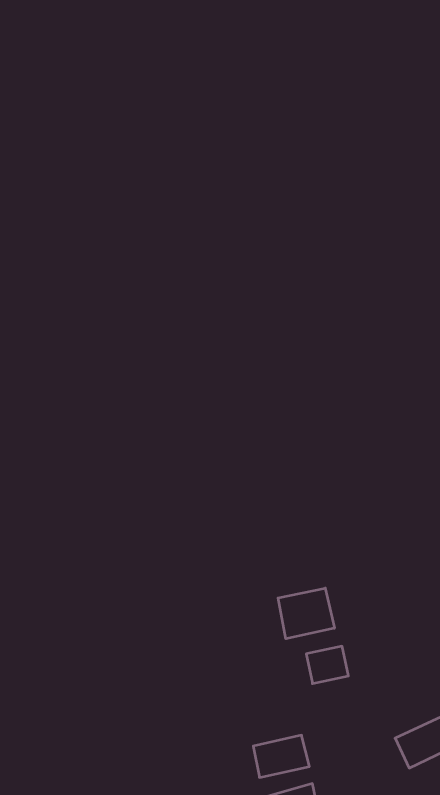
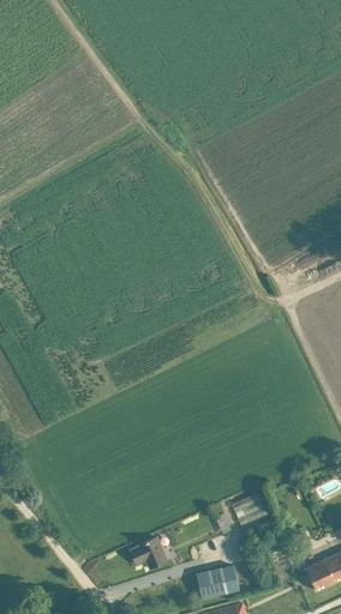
building: [278,588,334,639] -> none
building: none -> [130,537,166,567]

